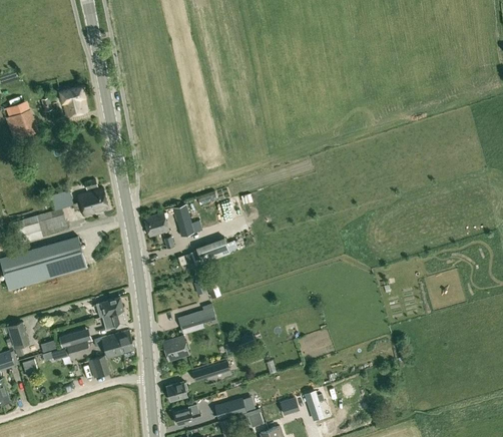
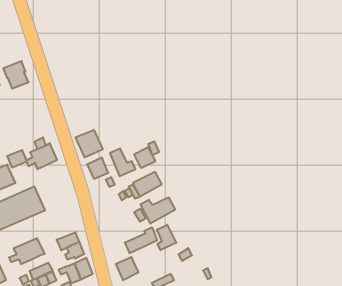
building: none -> [75,130,103,158]
building: none -> [134,147,155,168]
building: none -> [140,197,175,224]
building: none -> [9,238,45,264]
building: none -> [157,225,176,250]

